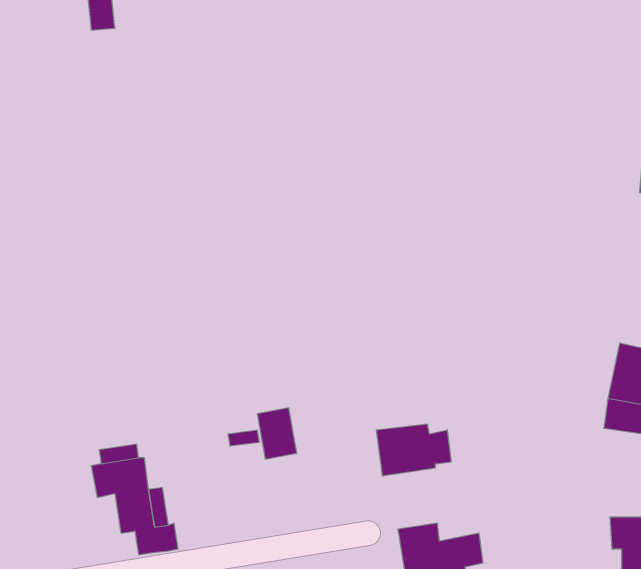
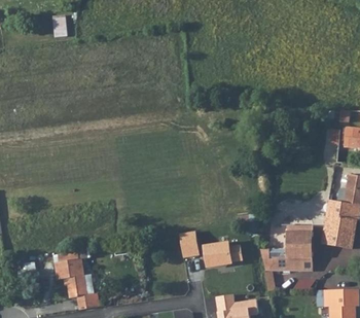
building: none -> [259,224,312,271]
building: [257,408,297,459] -> [178,231,199,257]

